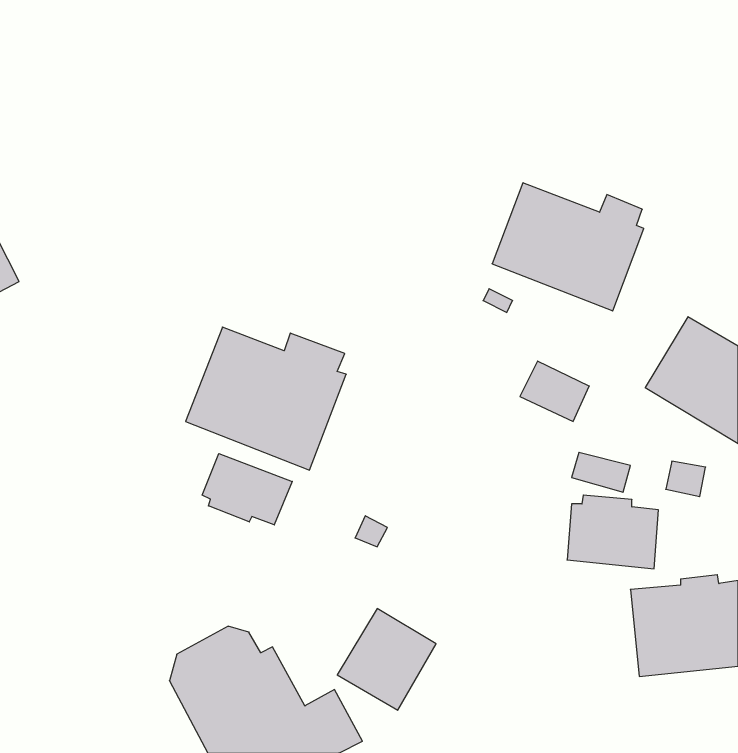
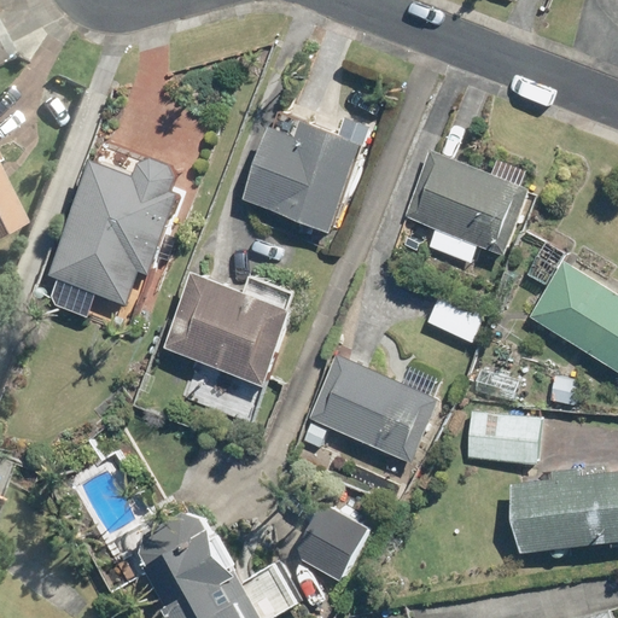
building: none -> [245,115,372,232]
building: none -> [48,154,191,315]
building: none -> [309,356,439,464]
building: [202,454,292,525] -> none

